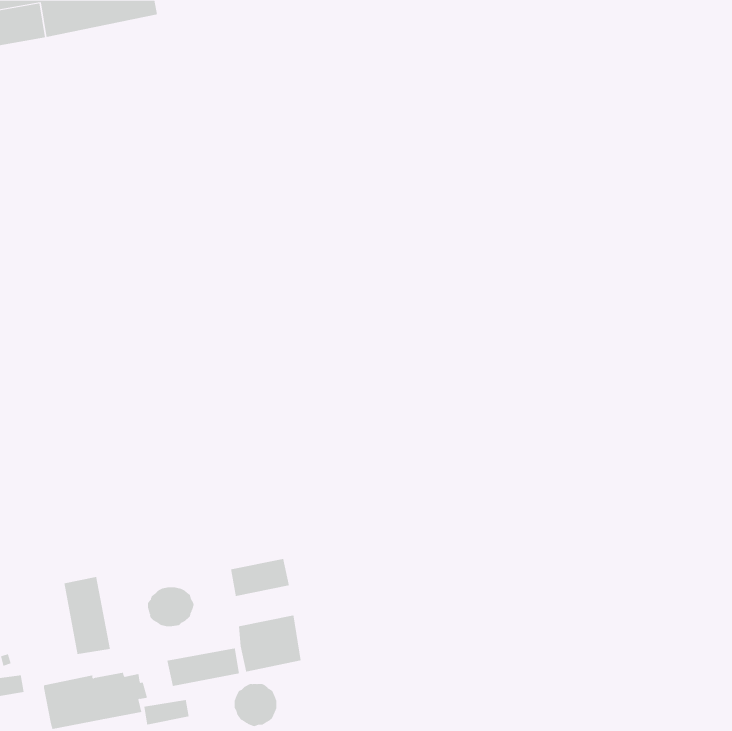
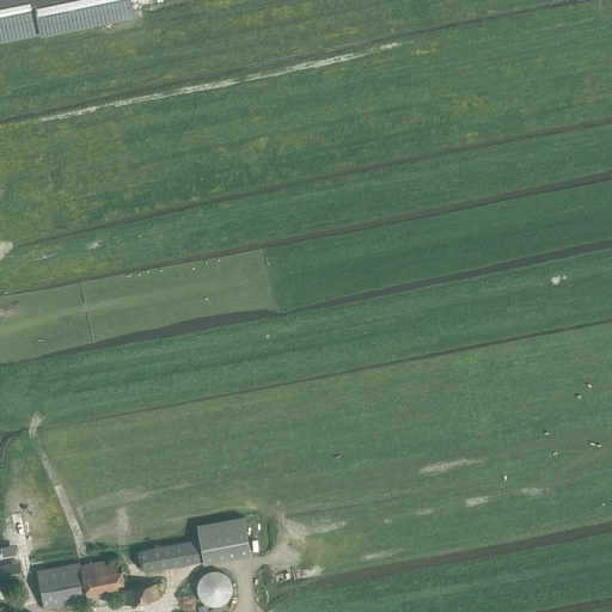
building: [230,558,289,597] -> none
building: [64,576,111,655] -> none
building: [147,586,194,627] -> none

